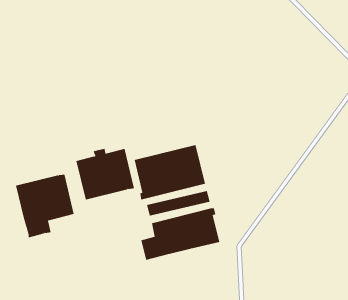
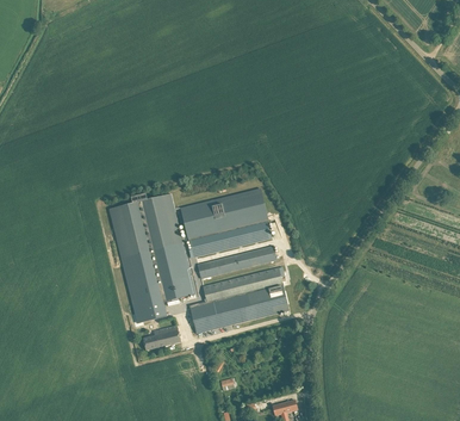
building: [15,174,75,238] -> [120,243,194,323]
building: none -> [142,324,180,349]

